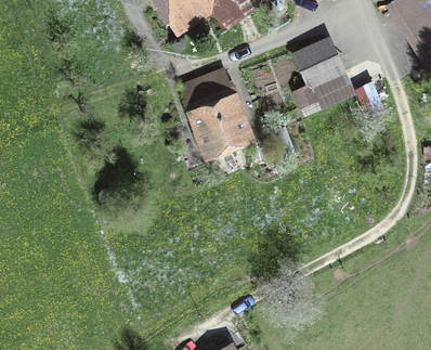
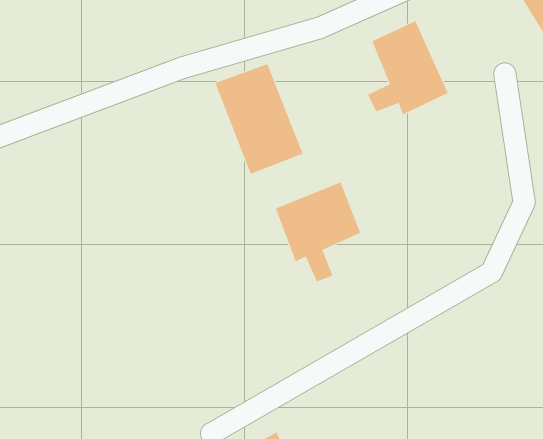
building: none -> [275,181,361,282]

